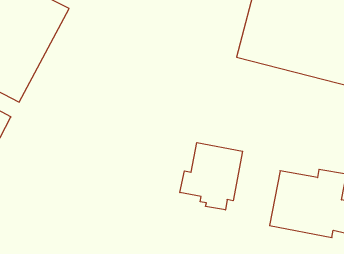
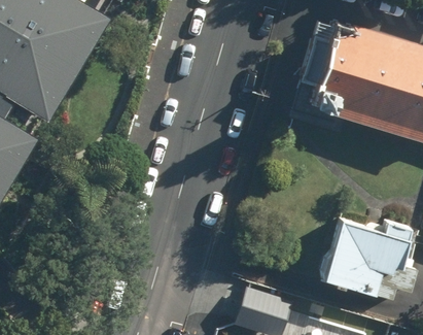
building: [180,143,243,210] -> none

